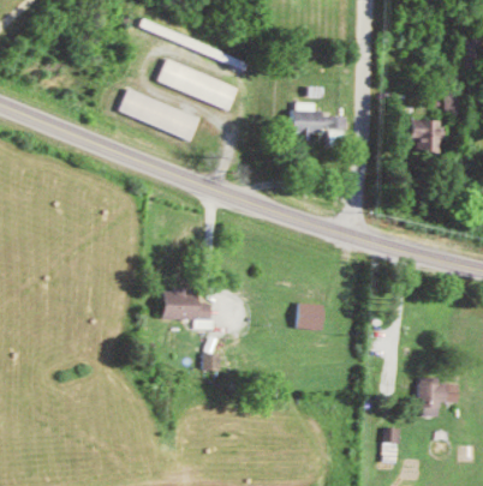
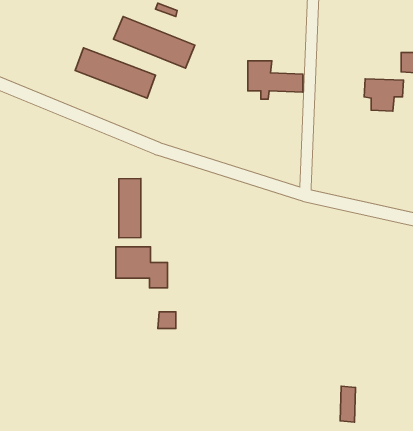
building: none -> [119,179,141,238]
building: [296,302,322,329] -> none
building: [417,377,442,415] -> none

